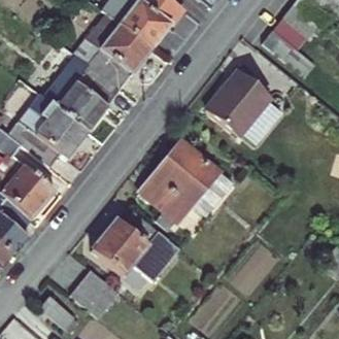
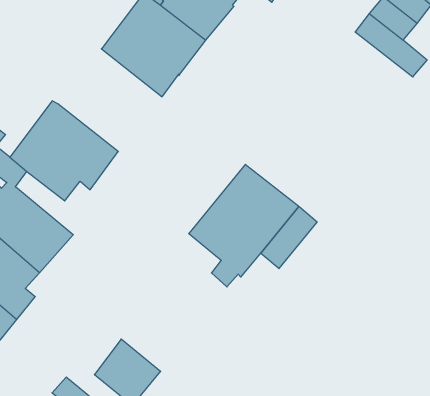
building: [43,56,120,131] -> none
building: [205,71,282,147] -> none
building: [91,210,168,276] -> none

